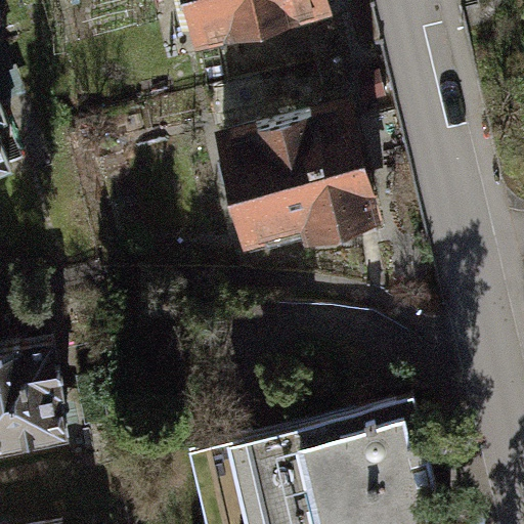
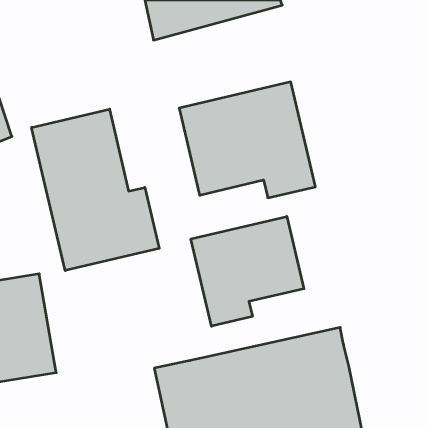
building: none -> [32,109,159,271]
building: none -> [191,216,304,326]

